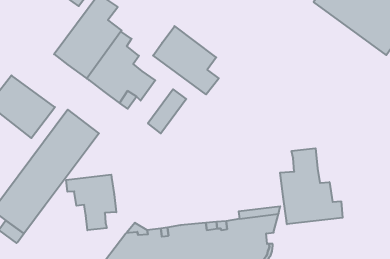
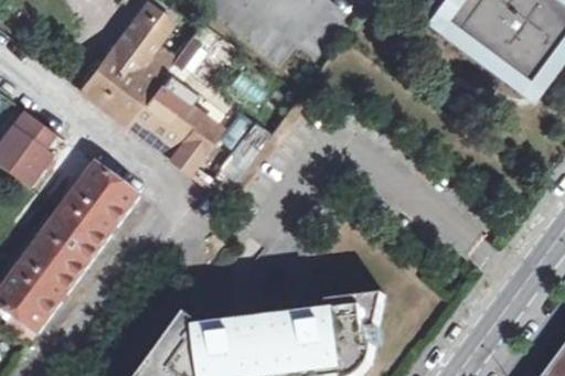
building: [153,26,219,94] -> none
building: [280,148,343,224] -> none
building: [66,175,116,230] -> none

